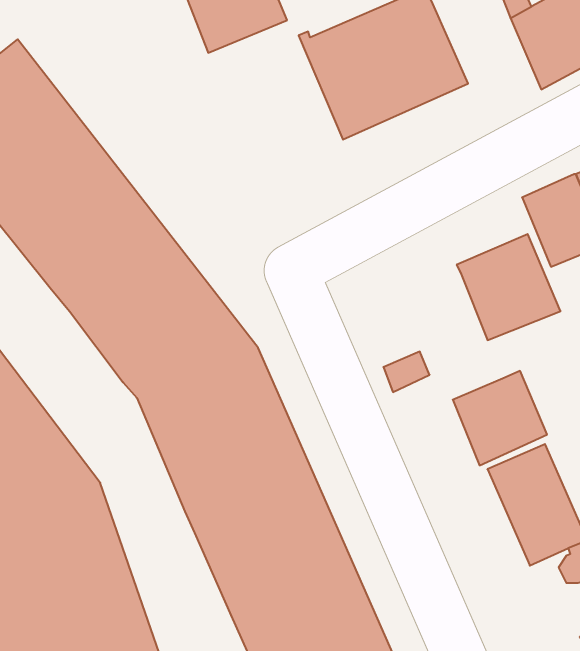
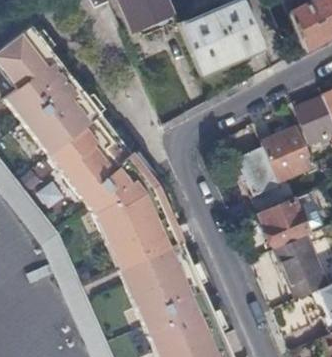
building: none -> [235,146,282,213]

